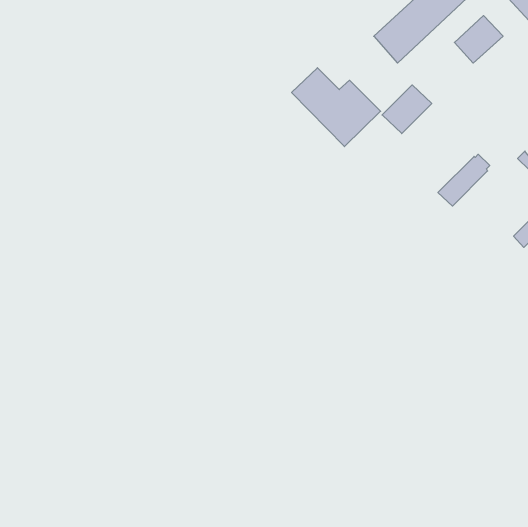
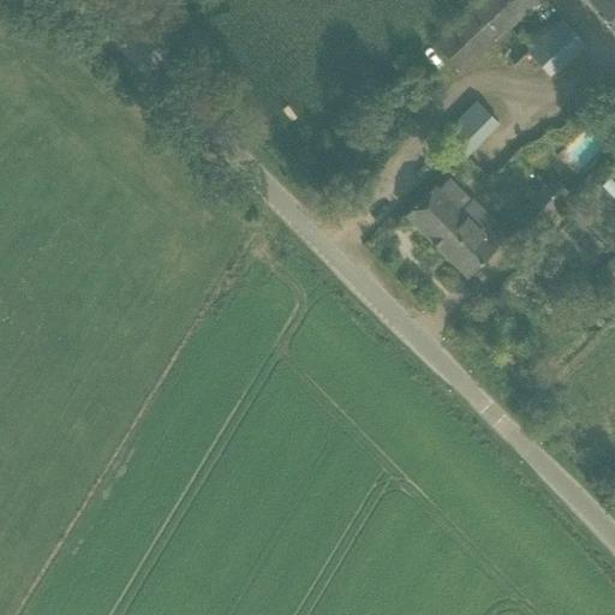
building: [292,68,381,147] -> [407,184,510,275]

